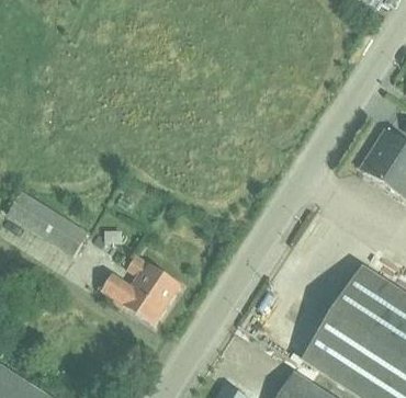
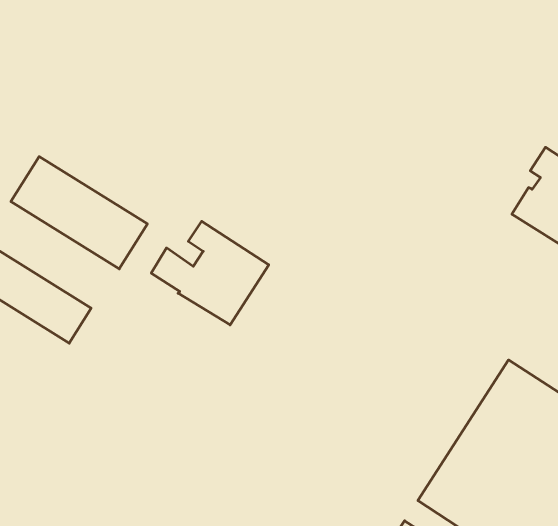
building: none -> [11,157,147,269]
building: [102,254,179,322] -> [151,221,269,325]

